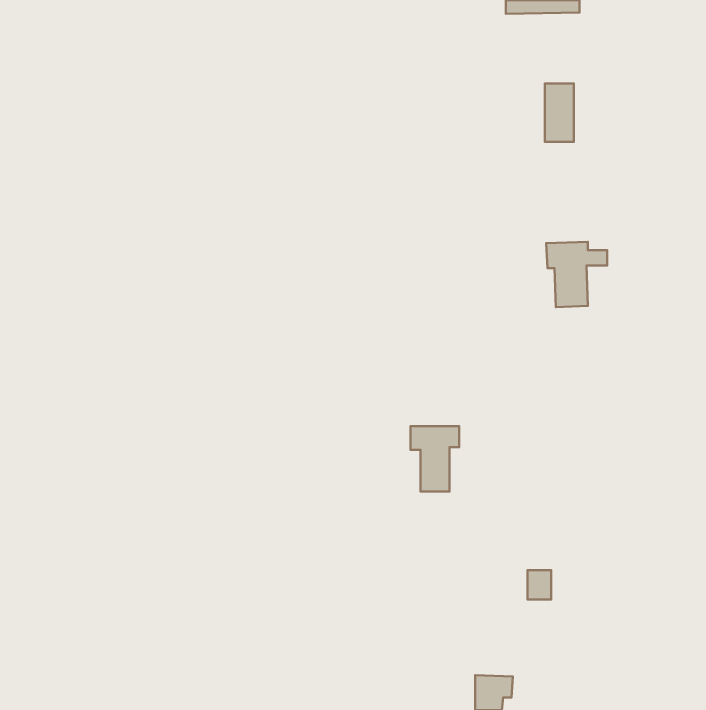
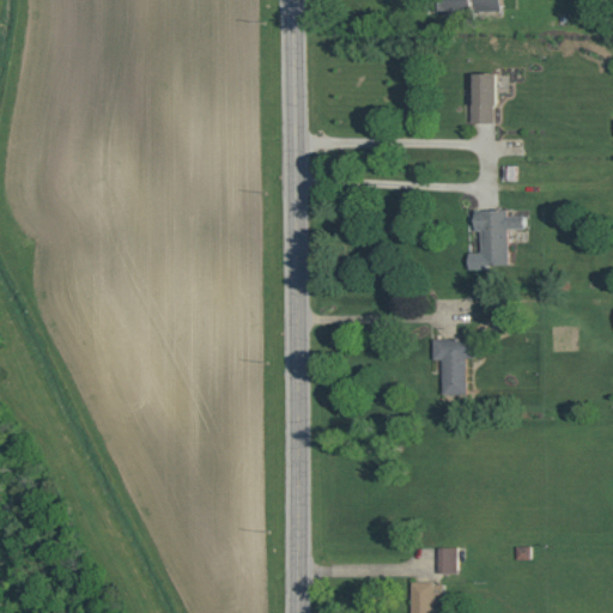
building: [411,426,459,492] -> [431,339,473,395]
building: [528,570,551,599] -> [436,547,456,572]

